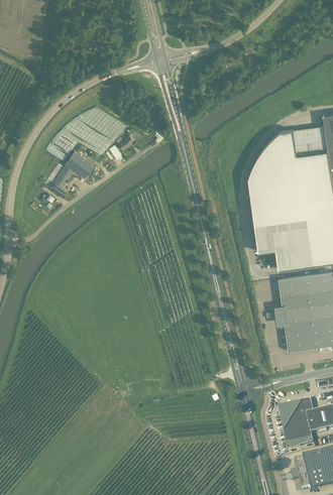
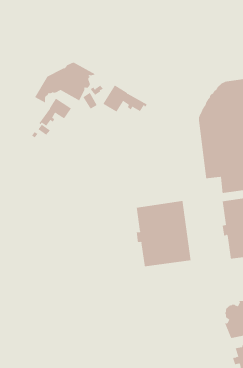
building: none -> [102,85,148,112]
building: none -> [136,200,191,267]

